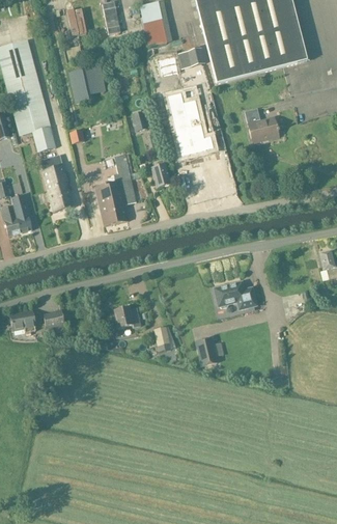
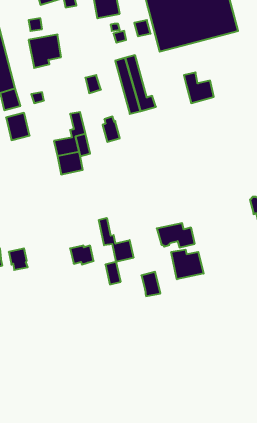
building: [46,181,74,212] -> none
building: none -> [99,218,133,262]
building: none -> [171,250,204,279]

